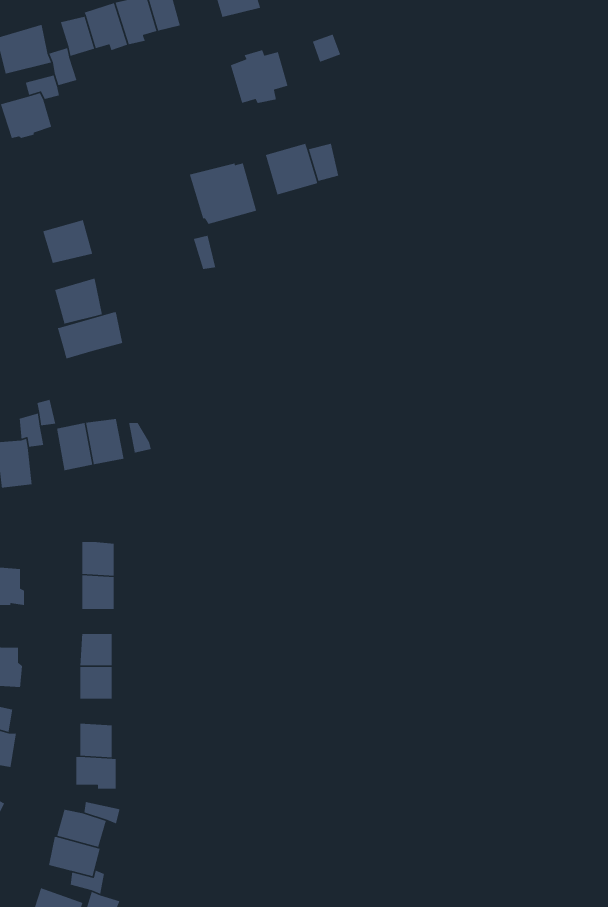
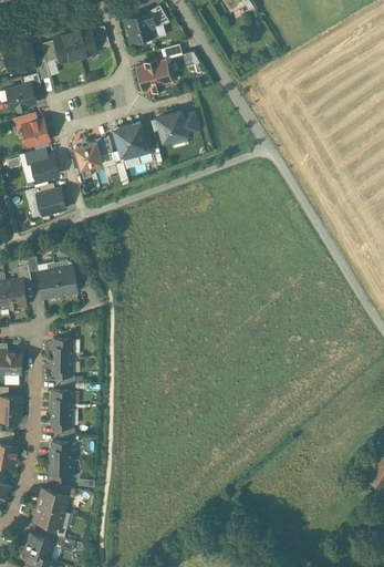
building: none -> [23,121,50,146]
building: none -> [74,143,101,171]
building: [57,311,123,359] -> none

